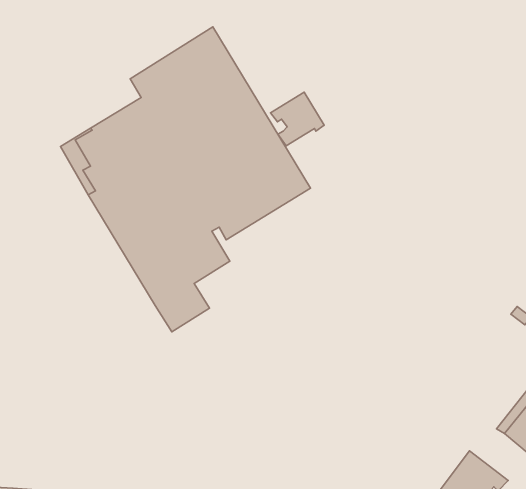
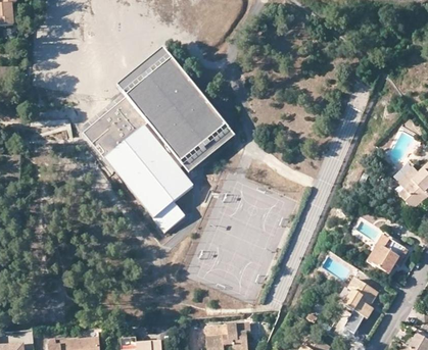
building: [270,92,324,146] -> none

